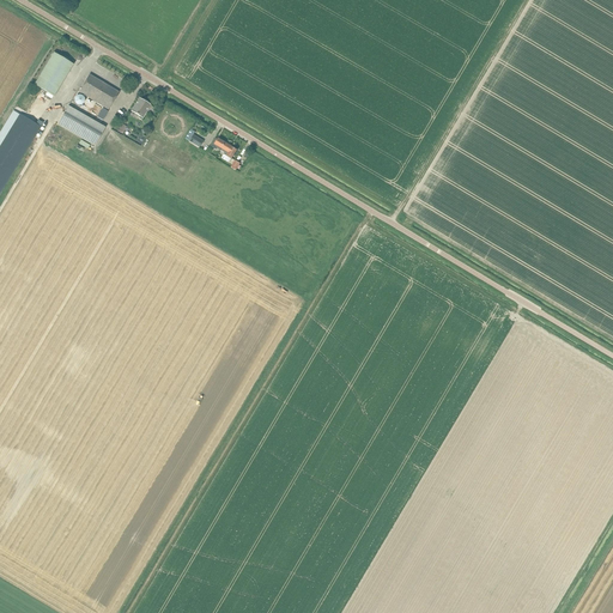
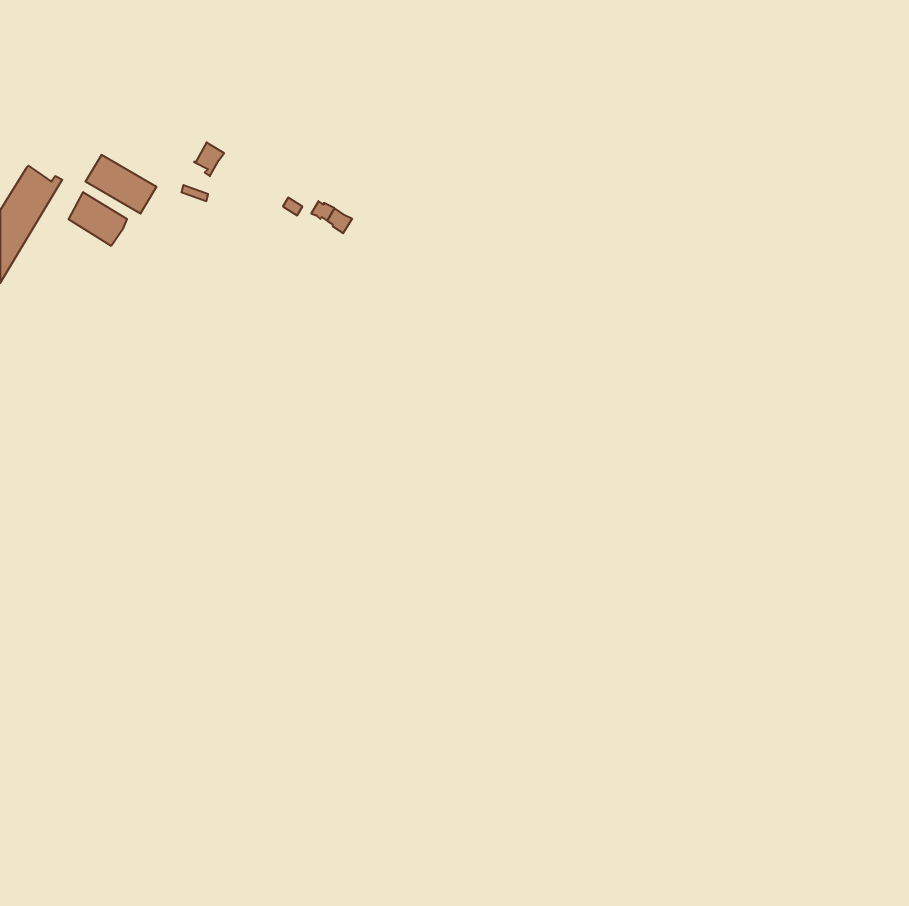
building: [35,51,72,93] -> none
building: [79,72,119,108] -> [68,192,127,246]

